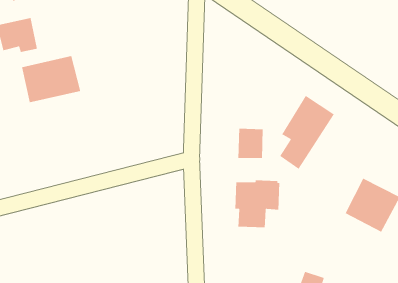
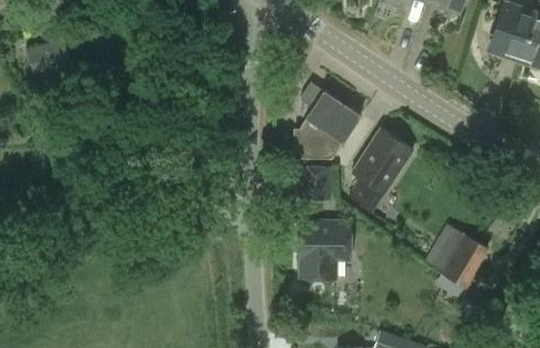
building: [21,55,81,103] -> none
building: none -> [294,83,362,160]

